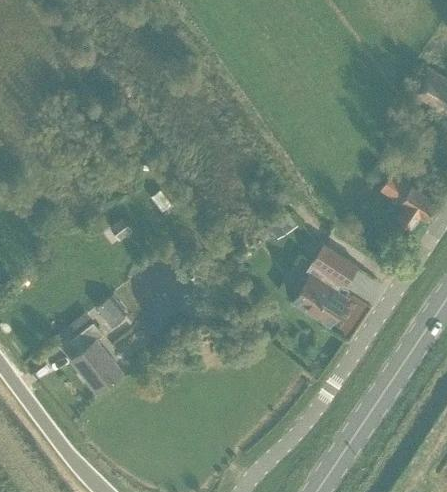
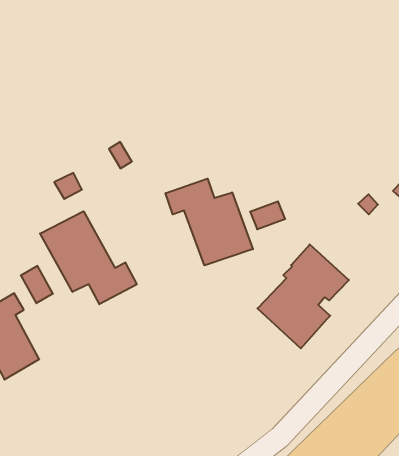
building: none -> [166,179,253,265]
building: none -> [40,211,137,304]

